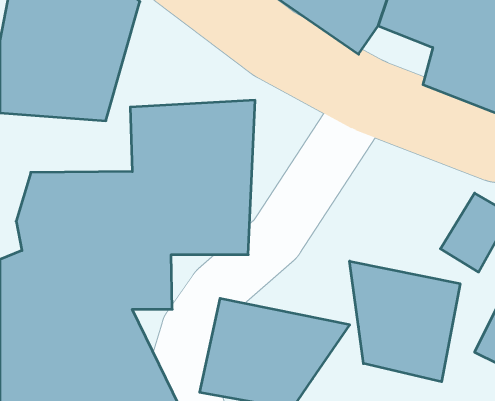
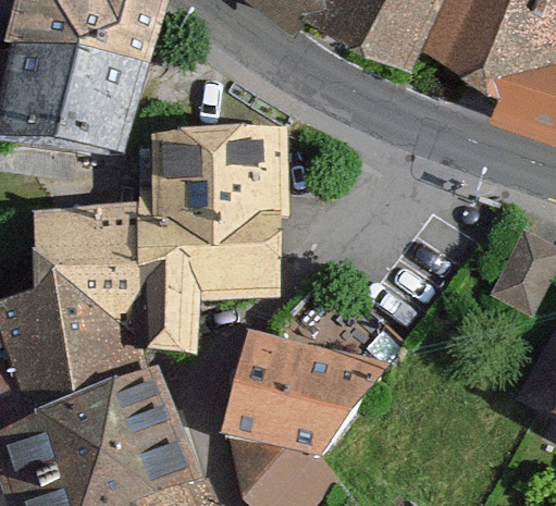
building: [350,261,460,382] -> none

